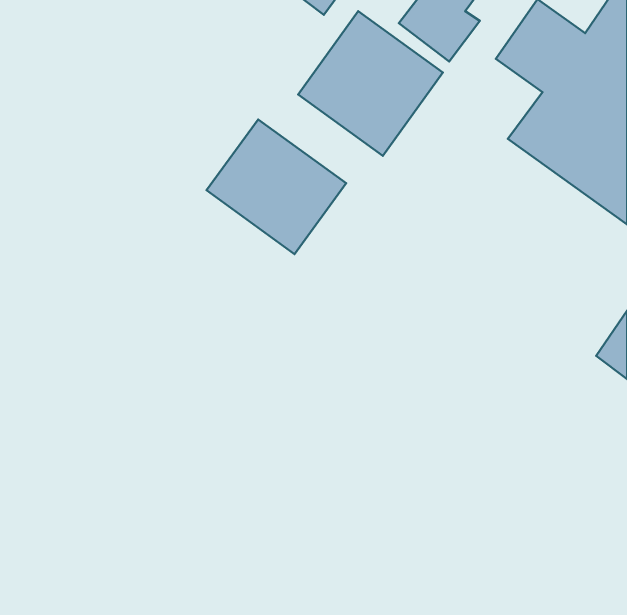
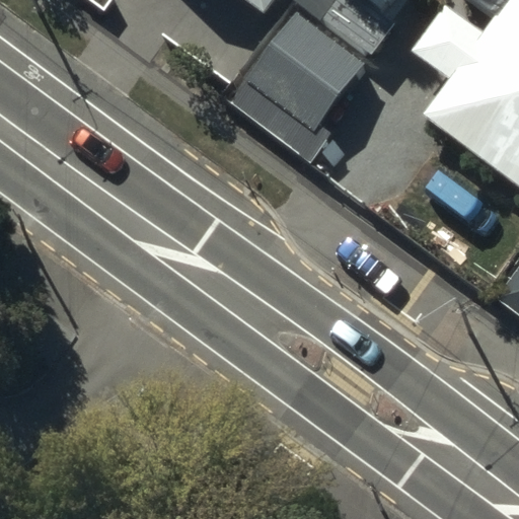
building: [206,119,346,254] -> none

